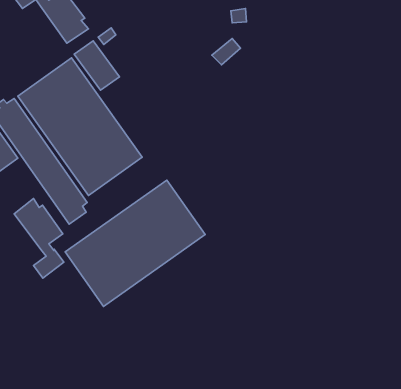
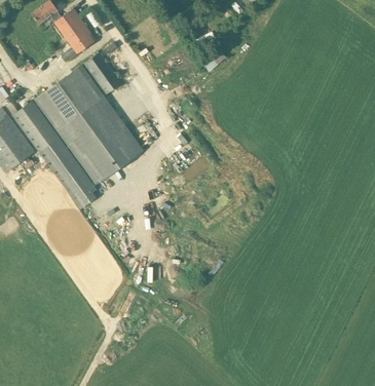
building: [65,180,205,306] -> none
building: [14,198,64,278] -> none

